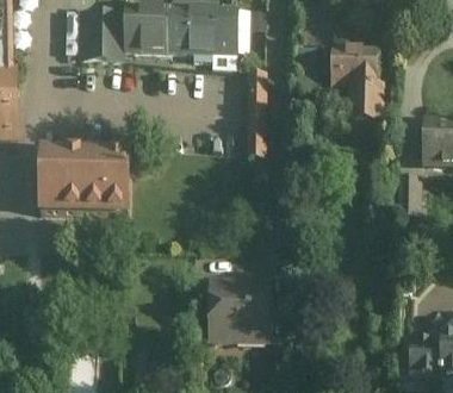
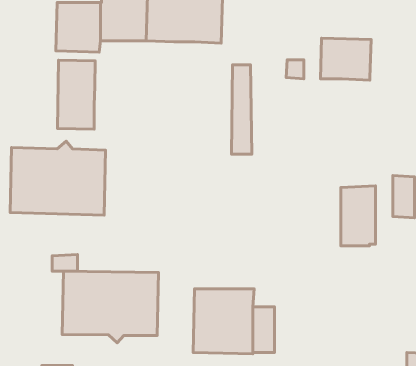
building: none -> [58,60,95,129]
building: [348,82,380,120] -> none
building: none -> [341,186,375,246]
building: none -> [62,271,158,343]

